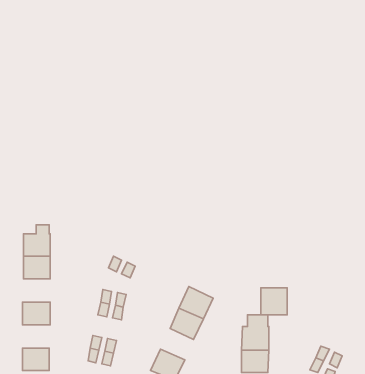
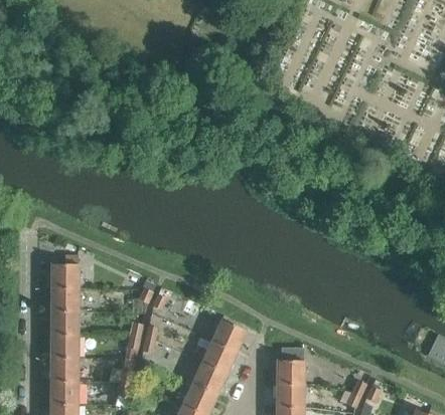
building: none -> [50,313,79,337]
building: [261,288,287,315] -> none
building: none -> [50,360,79,384]
building: none -> [192,364,227,396]

